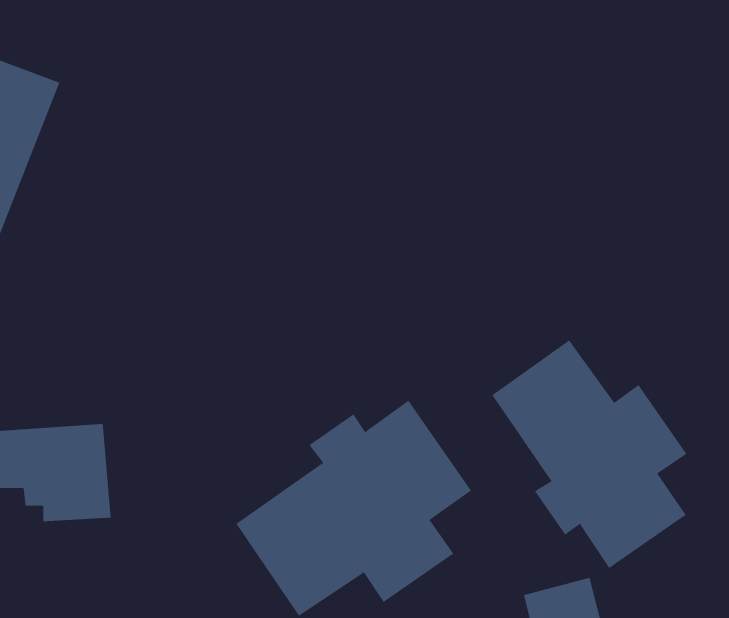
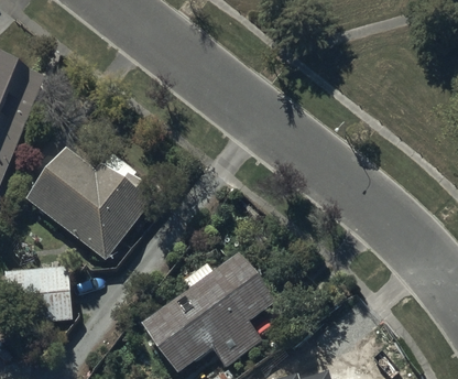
building: none -> [26,149,156,261]
building: [492,339,687,569] -> none

